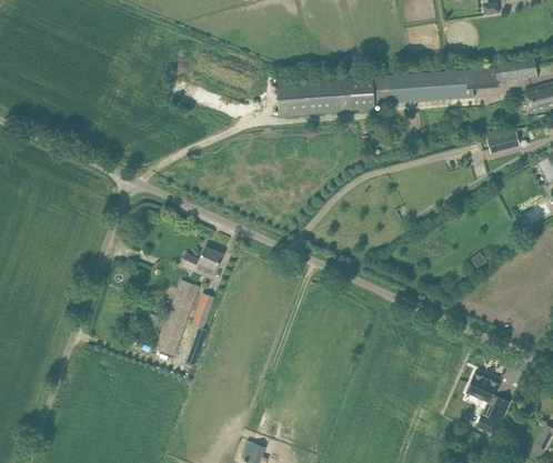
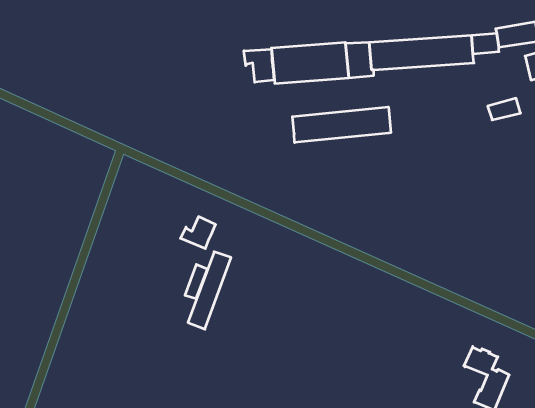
building: none -> [244,49,274,82]
building: none -> [292,107,391,143]
building: [157,280,199,355] -> [188,252,231,329]

